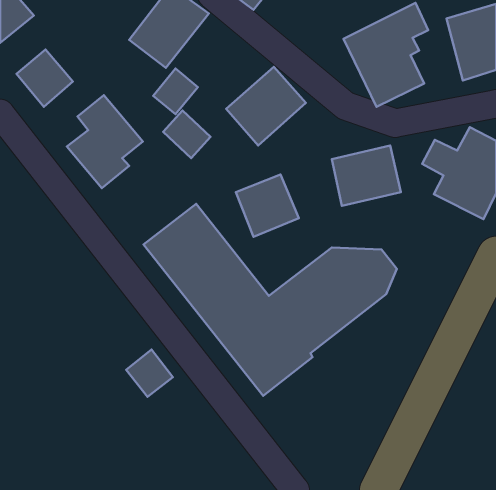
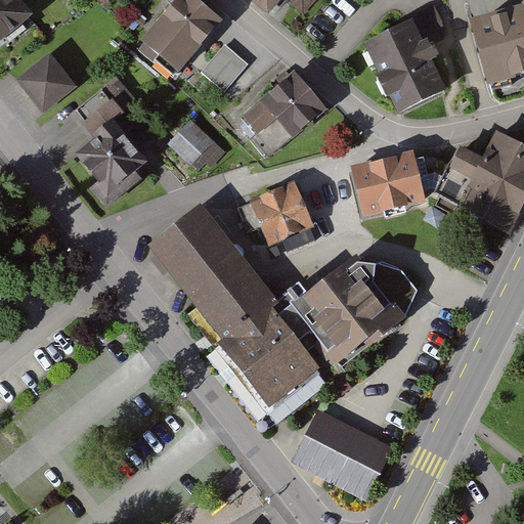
building: [153,69,198,114] -> [203,40,250,88]
building: [126,349,173,397] -> none
building: none -> [290,395,391,487]

